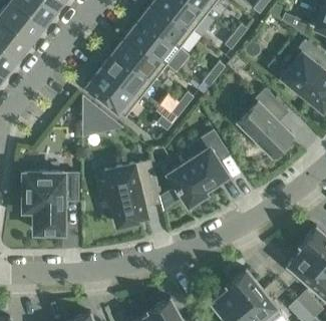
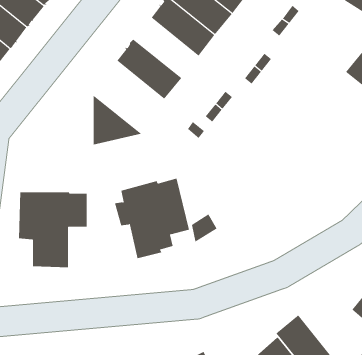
building: [113,35,166,83] -> none
building: [85,69,138,118] -> none
building: [237,89,291,155] -> none
building: [168,131,226,206] -> none

